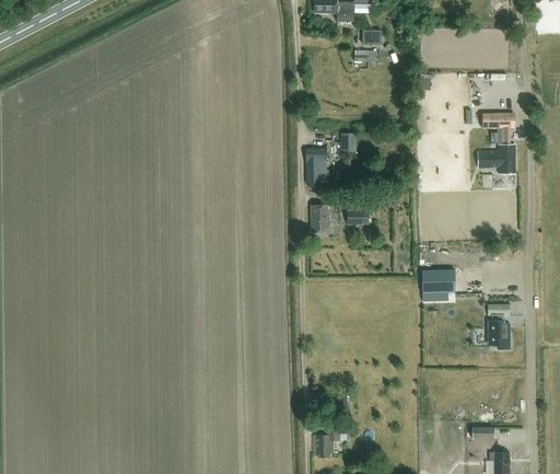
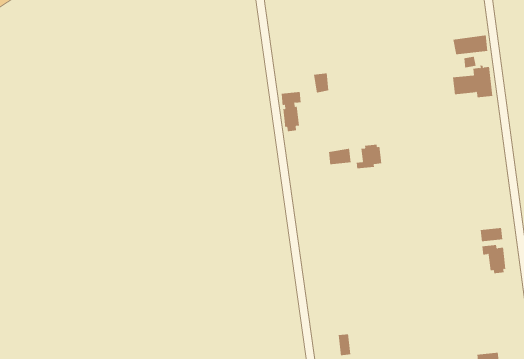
building: [311,205,328,233] -> none
building: none -> [356,144,382,169]
building: [421,270,455,293] -> none

